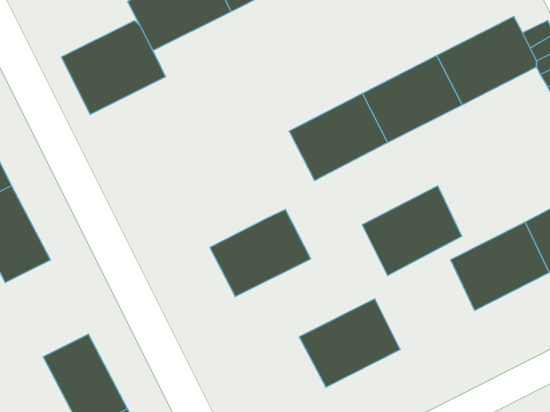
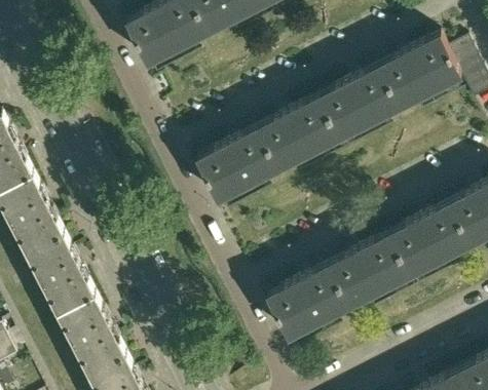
building: [62,21,165,115] -> none
building: [362,186,462,275] -> [327,236,408,309]
building: [210,210,311,297] -> [195,131,277,202]
building: none -> [26,236,93,315]

